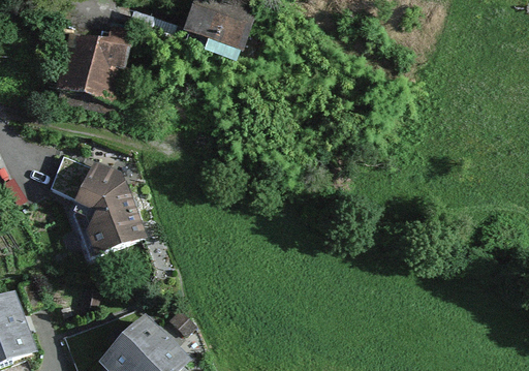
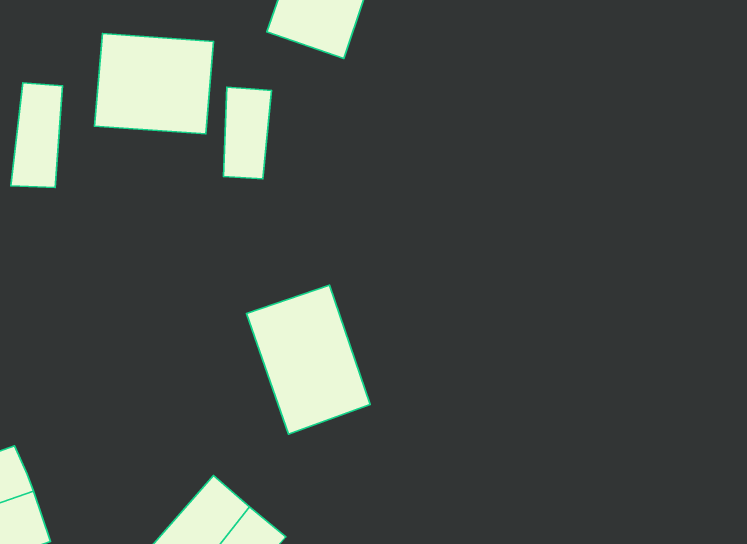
building: none -> [11,83,62,188]
building: none -> [223,87,272,179]
building: [66,156,148,254] -> [246,285,370,434]

